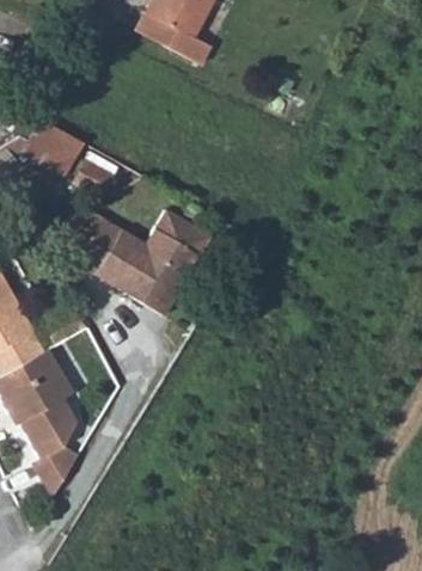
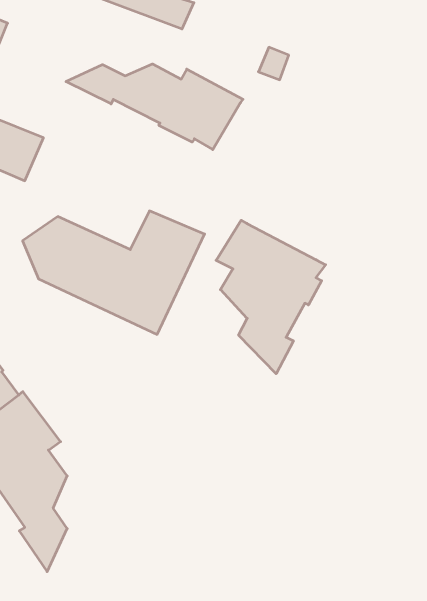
building: none -> [66,64,243,150]
building: none -> [216,220,326,374]

